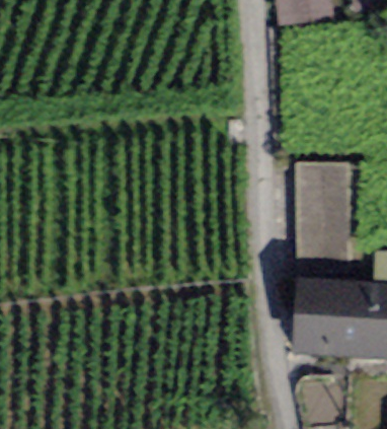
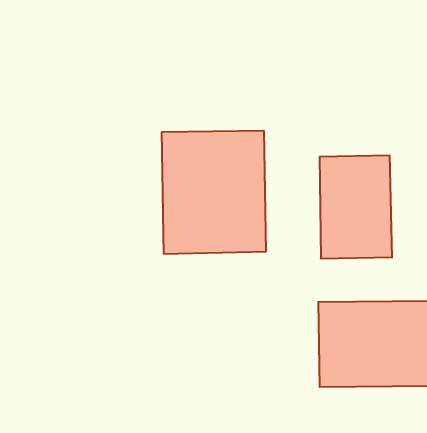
building: none -> [162,131,266,254]

